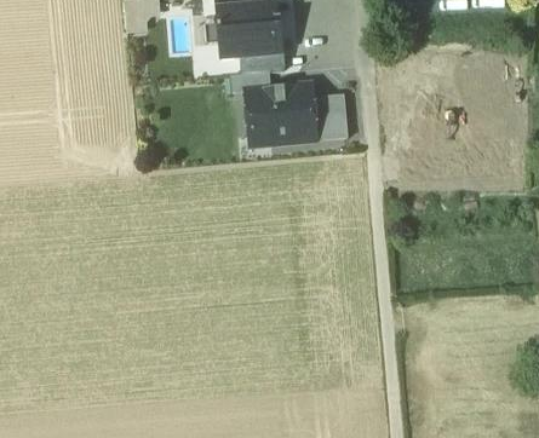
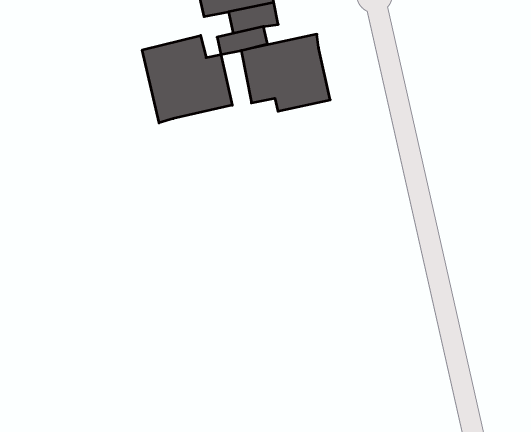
building: none -> [142,35,232,123]
building: [312,94,349,140] -> none

